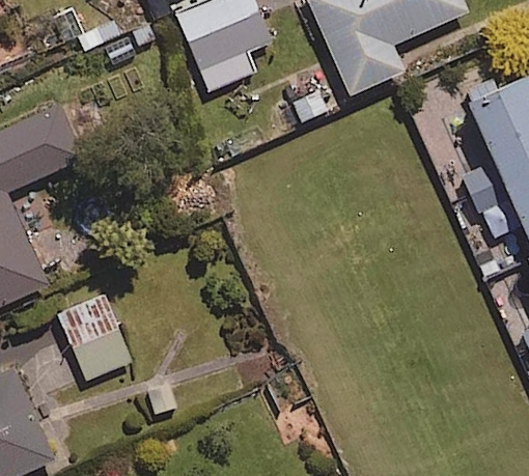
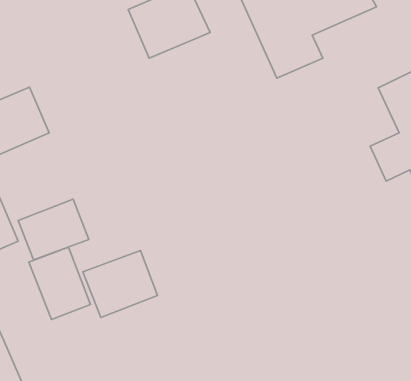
building: none -> [18,199,89,260]
building: none -> [83,251,158,317]

